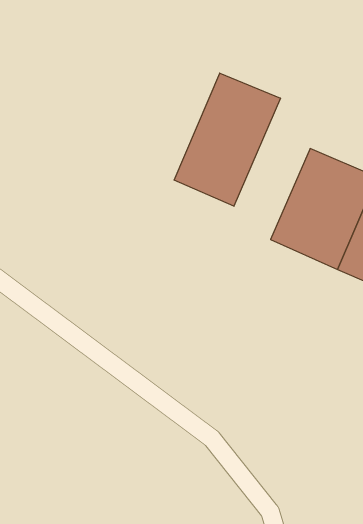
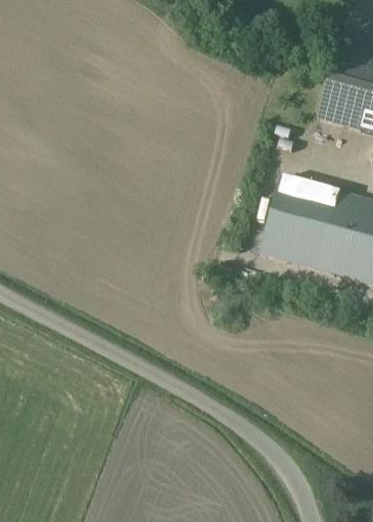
building: [174,73,280,206] -> none

